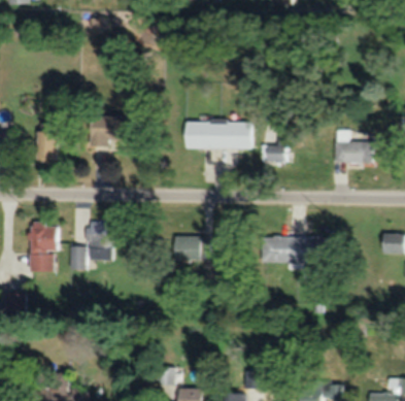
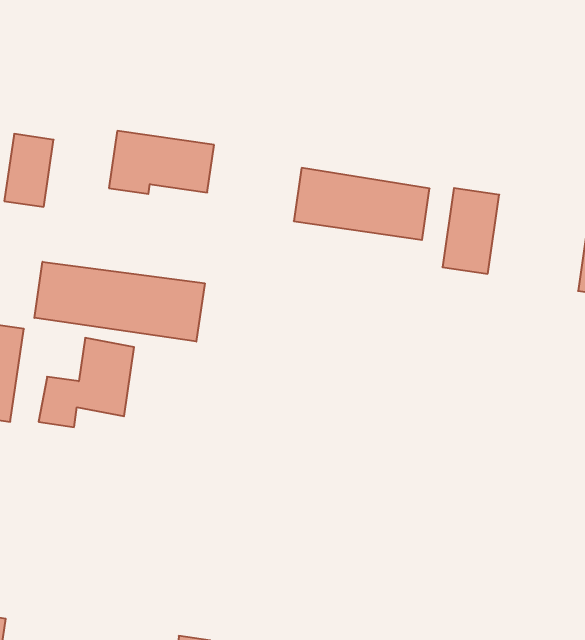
building: none -> [34,262,205,342]
building: [173,237,210,261] -> none
building: [260,237,328,265] -> none

